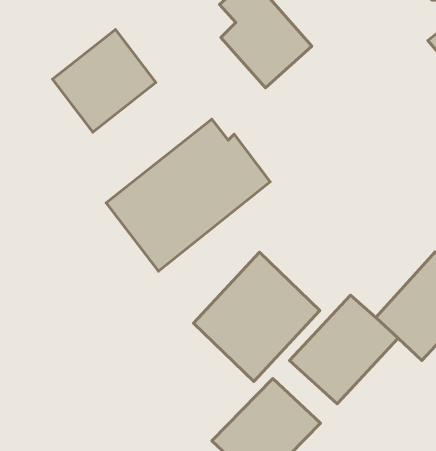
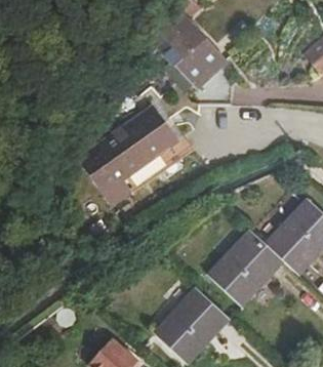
building: [53,30,156,132] -> none
building: [194,252,320,381] -> none

